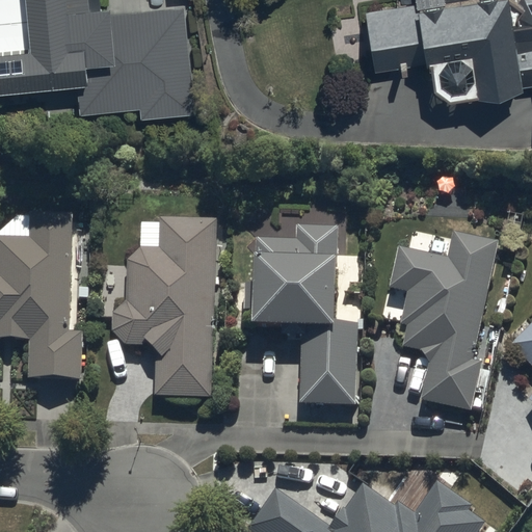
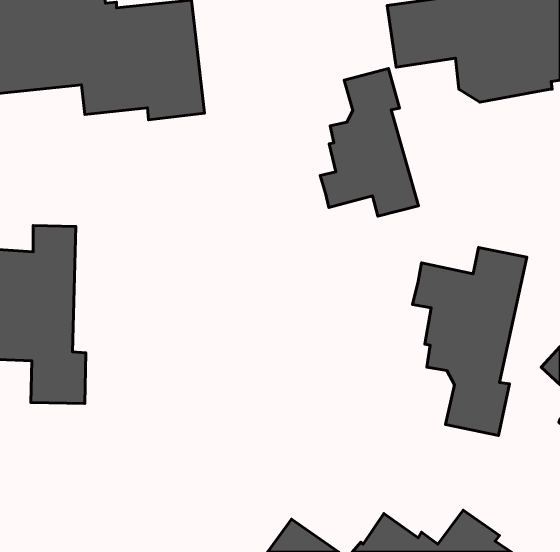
building: none -> [320,69,419,216]
building: [112,220,216,398] -> none
building: [245,227,357,405] -> none

